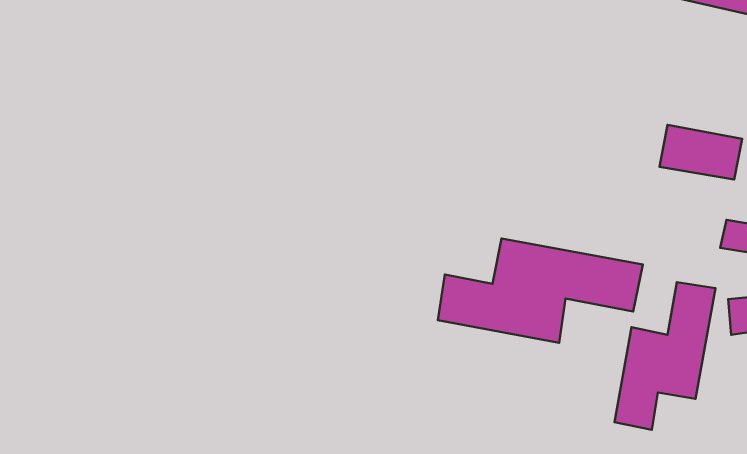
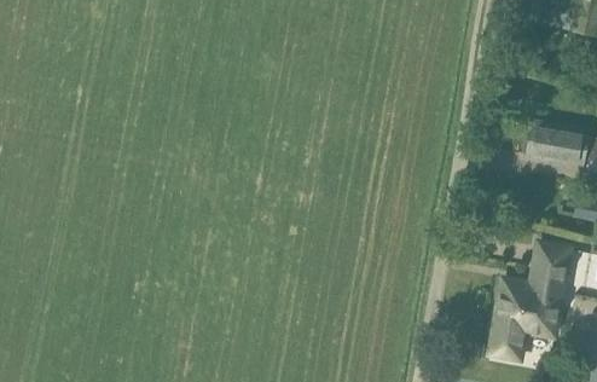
building: [438,239,643,343] -> none

